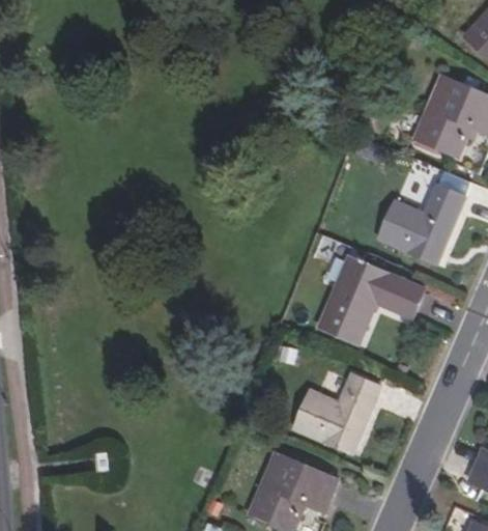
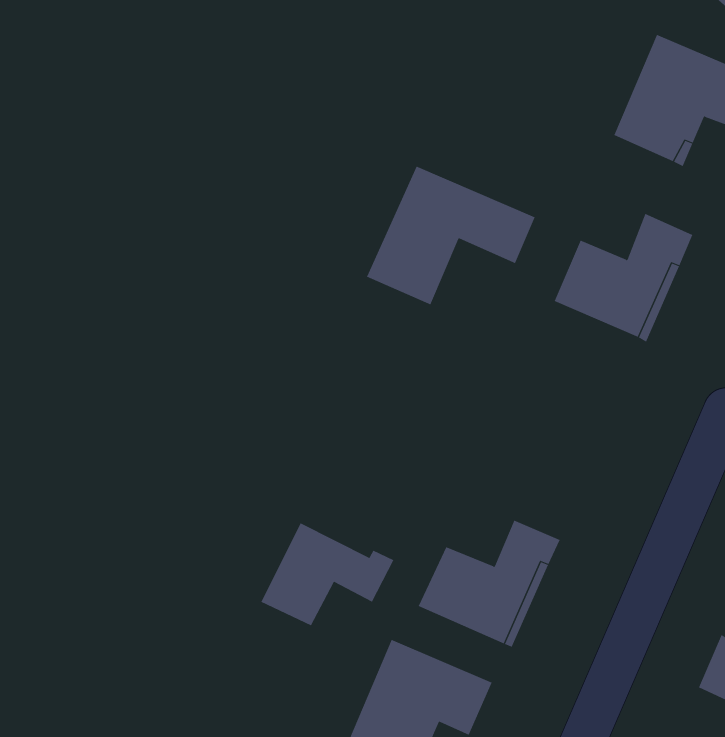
building: [320,255,426,342] -> [366,166,535,305]
building: none -> [261,522,394,626]

